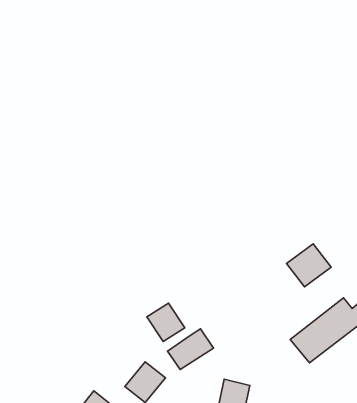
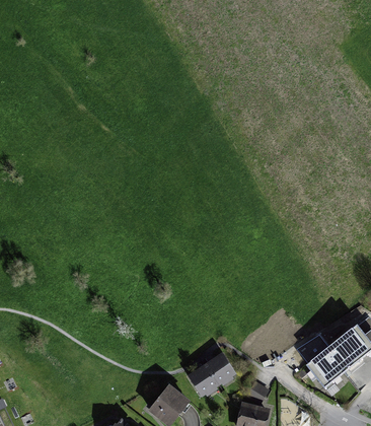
building: [287,244,331,287] -> none
building: [147,303,185,341] -> none

